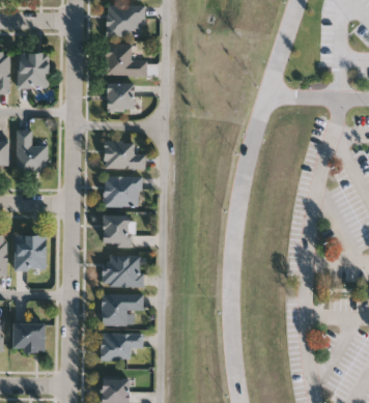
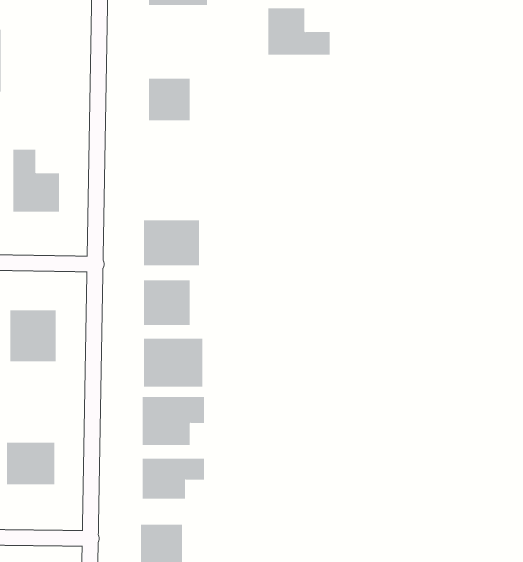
building: [106,45,147,76] -> [267,8,330,55]
building: [18,53,49,88] -> none
building: [105,142,145,169] -> none

